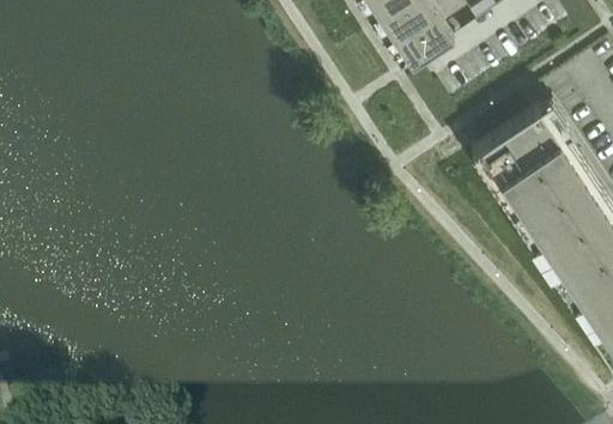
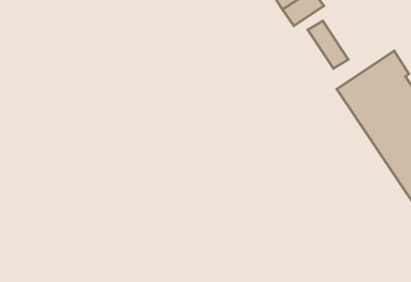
building: none -> [308,21,348,69]

